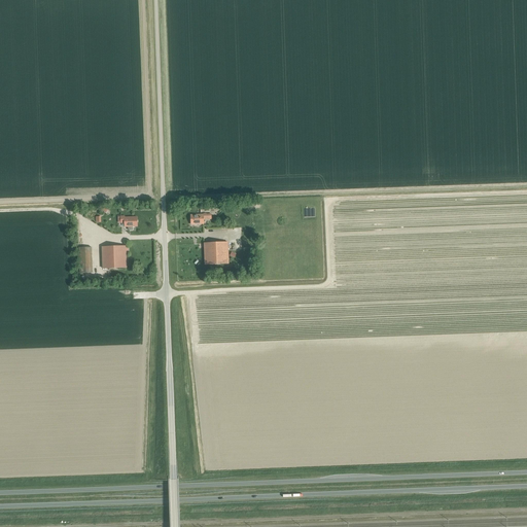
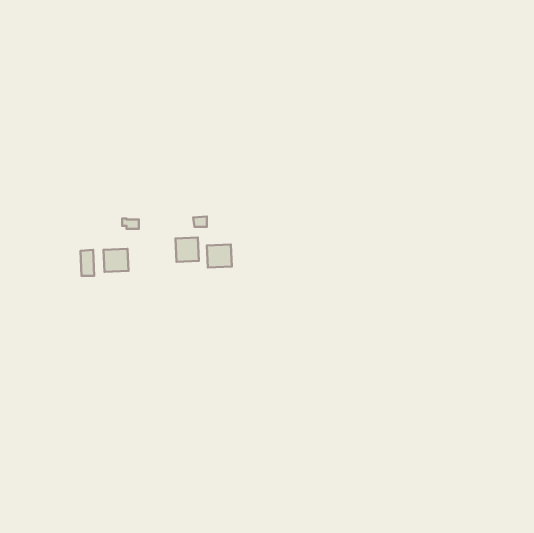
building: none -> [176,238,199,262]

